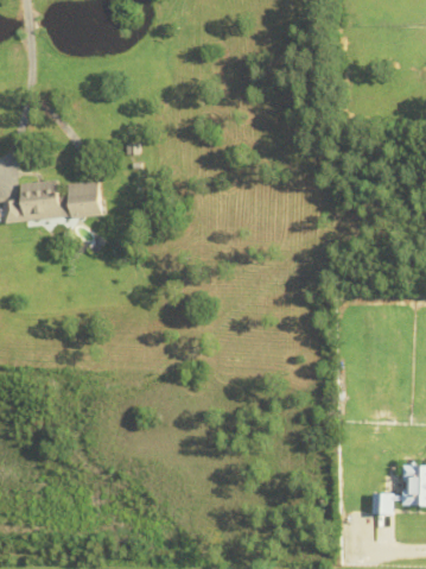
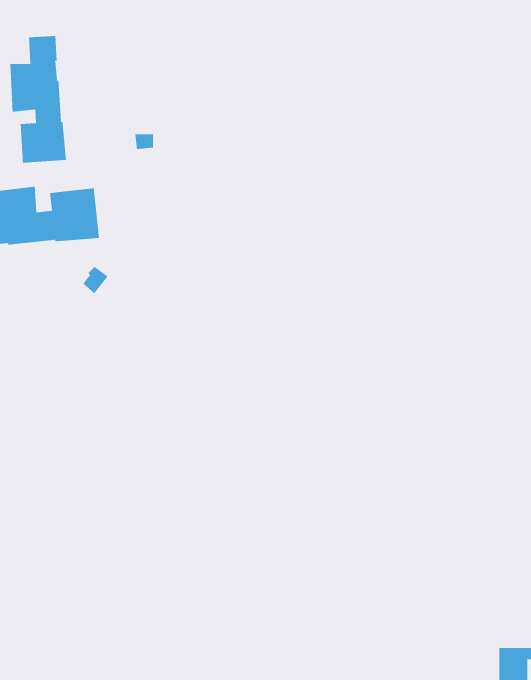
building: none -> [10,35,67,164]

